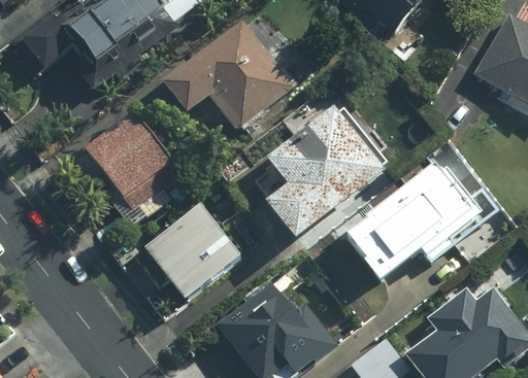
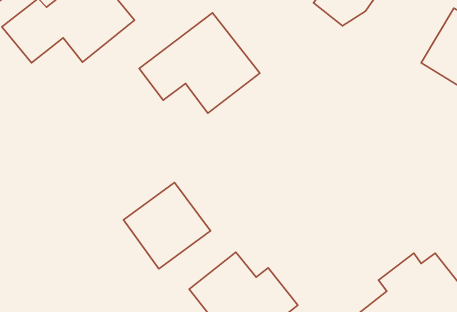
building: [264,109,387,249] -> none
building: [81,110,173,202] -> none
building: [346,165,475,285] -> none

